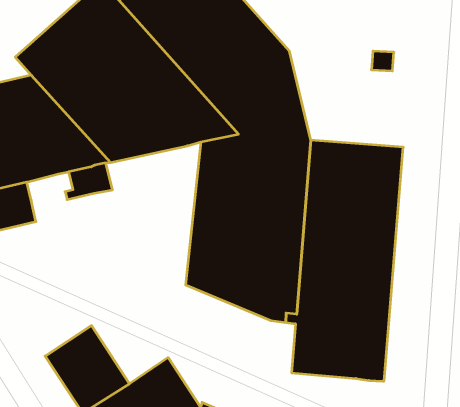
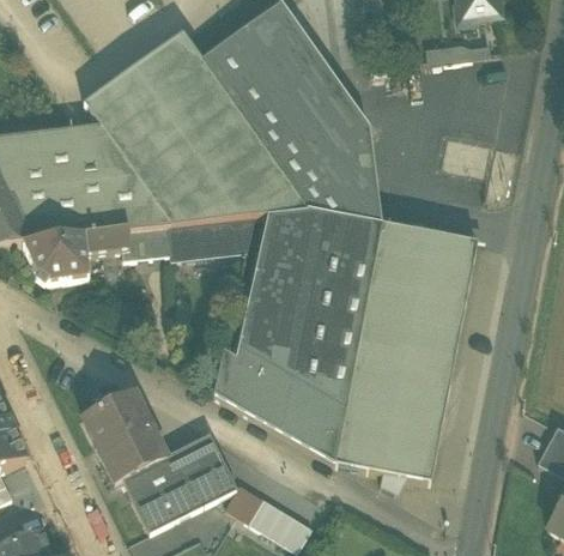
building: none -> [168,214,254,255]
building: none -> [84,228,131,253]
building: none -> [213,351,345,461]

